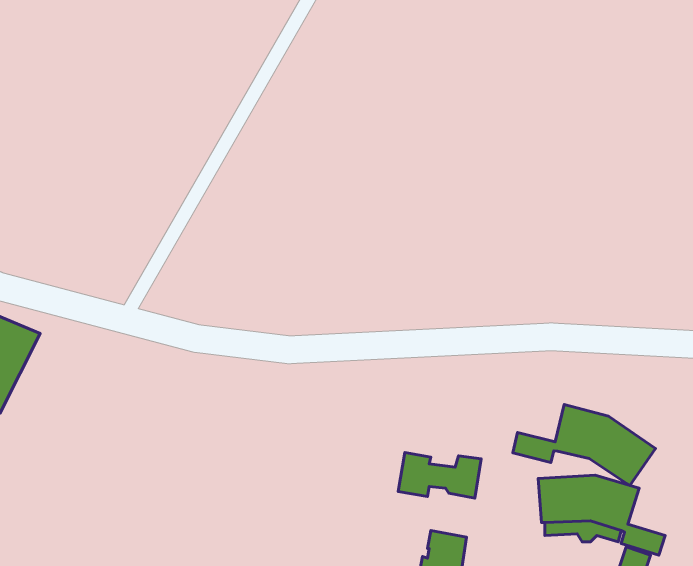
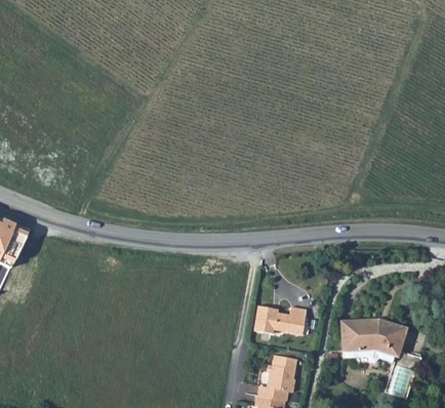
building: [513,405,656,486] -> none

